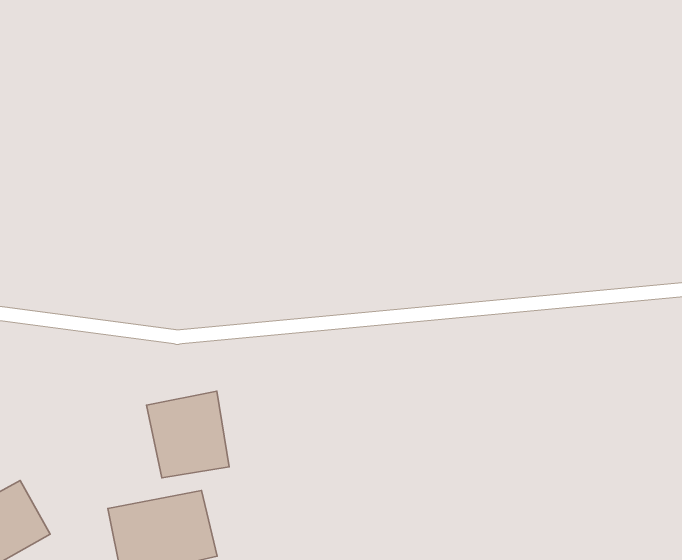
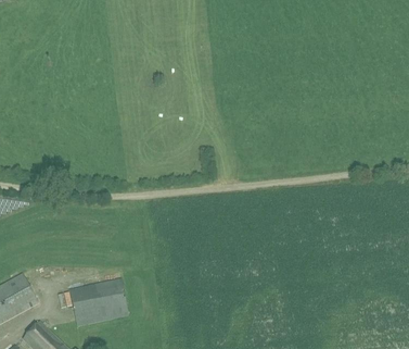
building: [147,391,229,478] -> none

